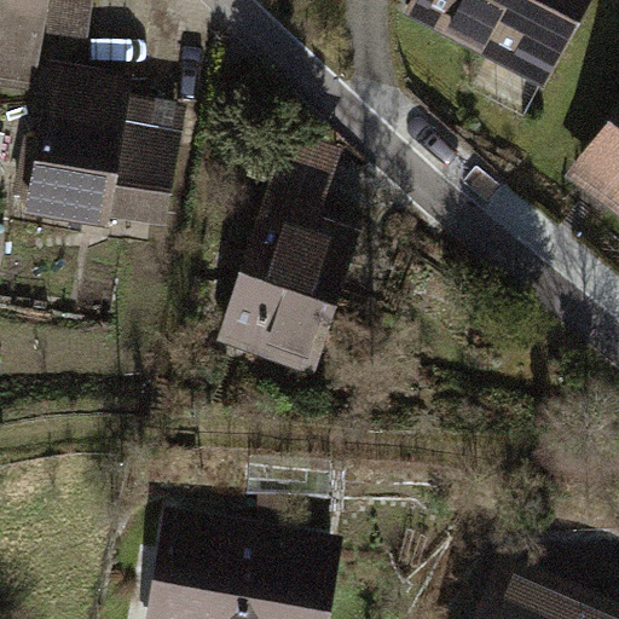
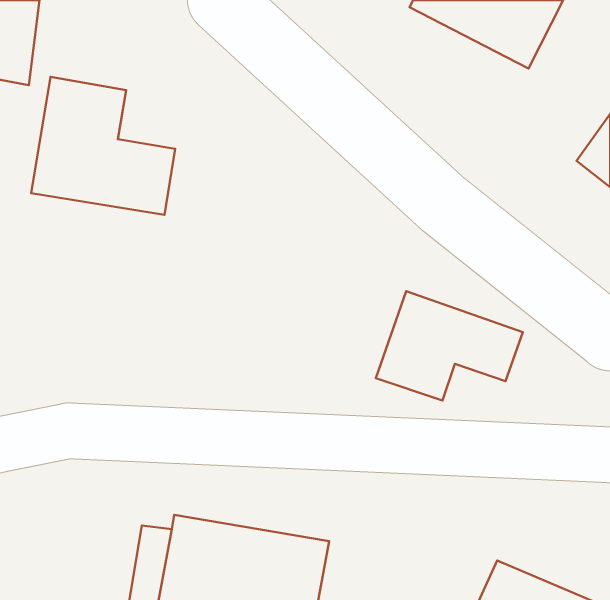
building: [222,195,357,376] -> none
building: none -> [376,291,523,401]

